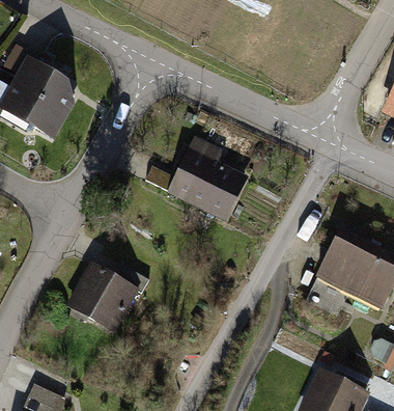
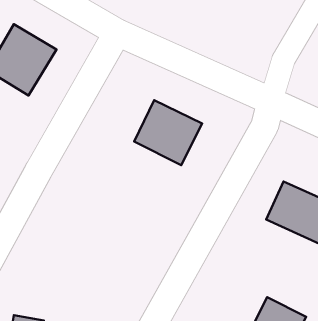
building: [76,251,150,330] -> none

